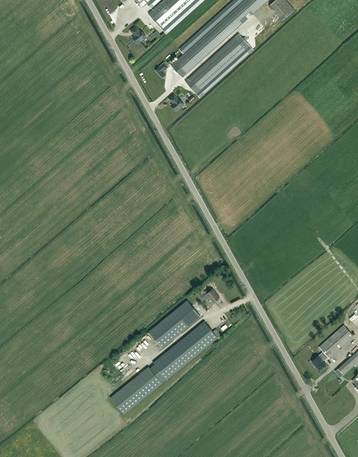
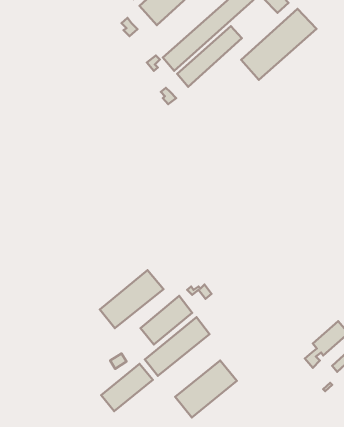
building: none -> [241,9,317,80]
building: none -> [100,270,164,328]
building: none -> [175,360,237,417]

